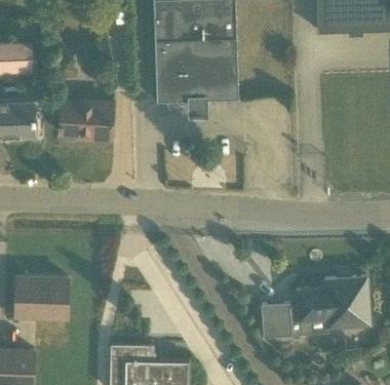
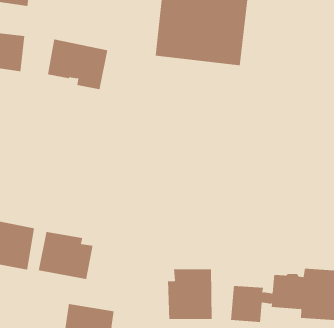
building: none -> [38,231,93,280]
building: none -> [168,268,212,320]

